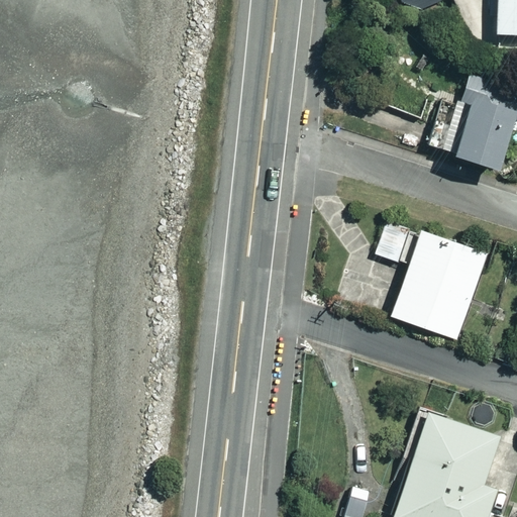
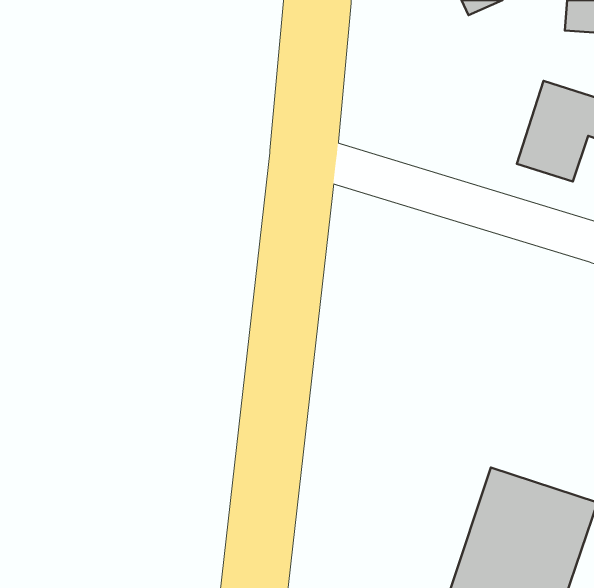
building: [389,229,495,345] -> none

